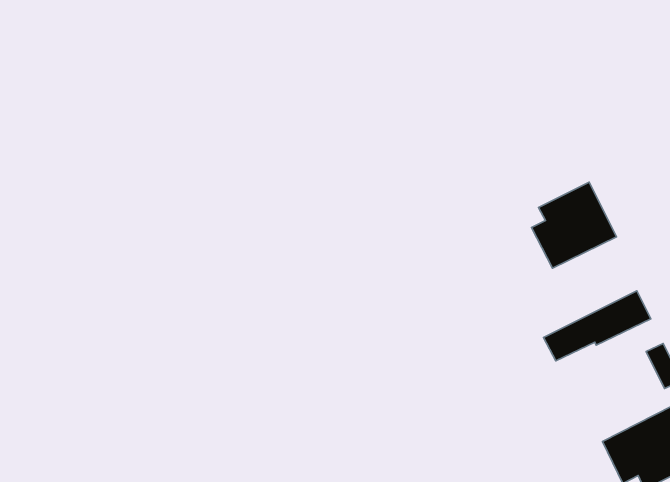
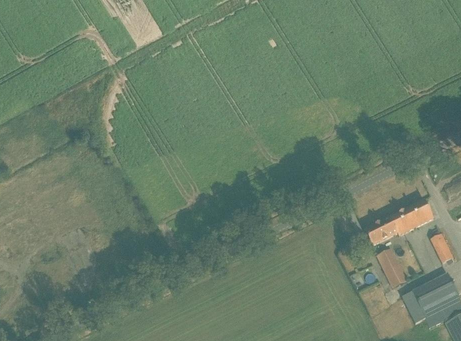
building: [531,182,617,268] -> none
building: none -> [378,250,406,287]

